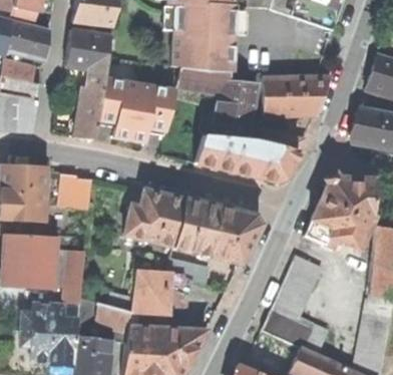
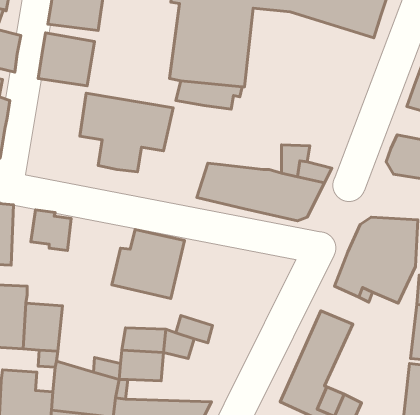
building: [73,69,104,140] -> none
building: [263,76,330,116] -> none
building: [213,80,257,140] -> none
building: [172,199,264,264] -> none

